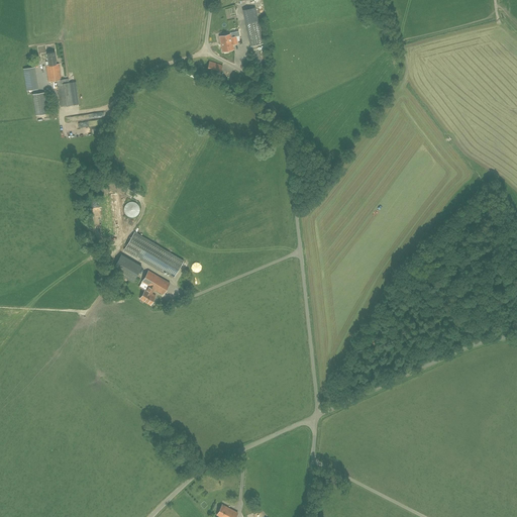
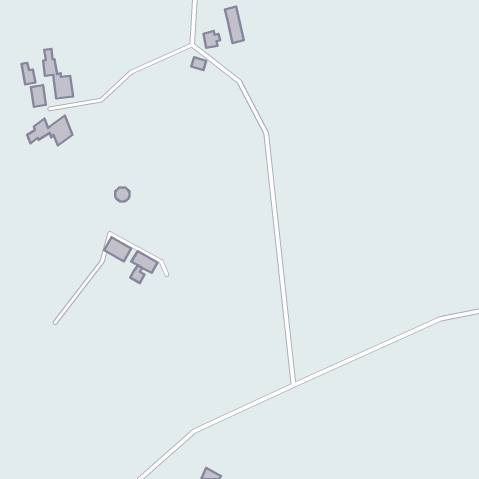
building: none -> [27,116,73,146]
building: [124,232,183,276] -> none

